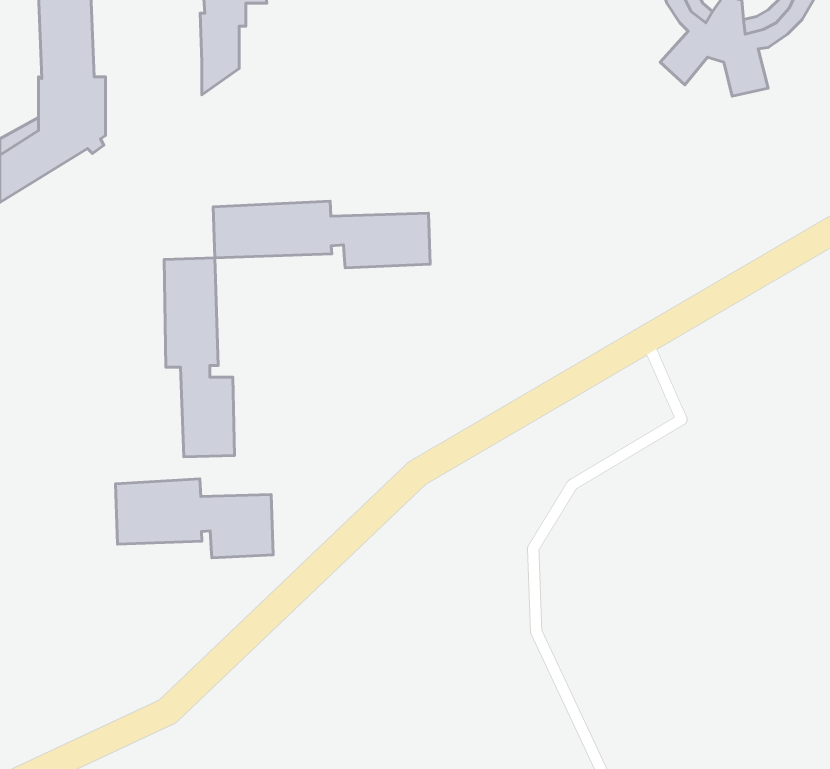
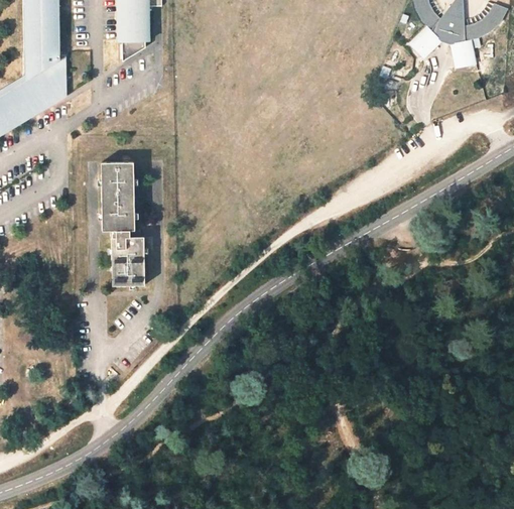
building: [213,201,430,268] -> none
building: [116,479,273,558] -> none

